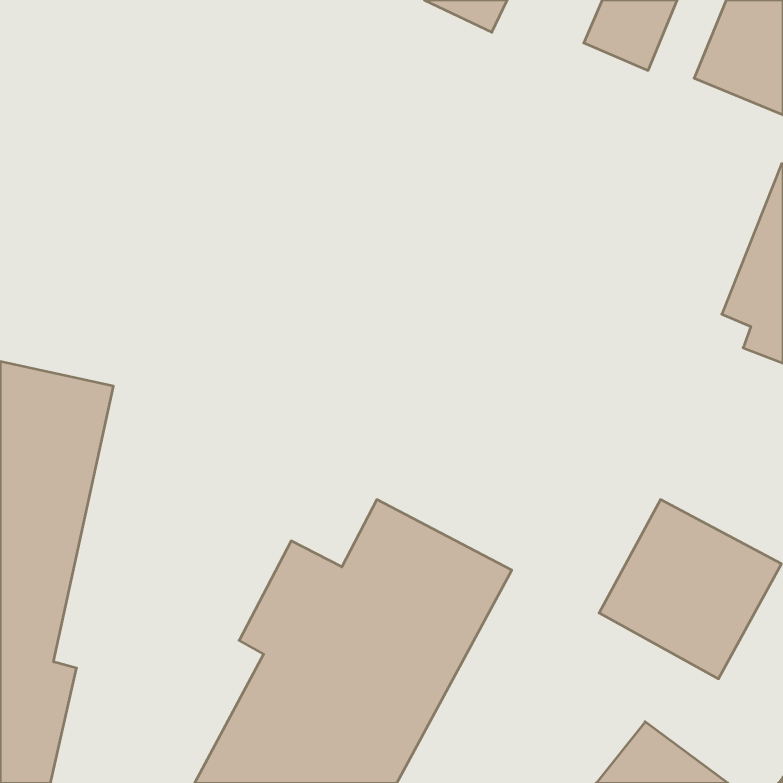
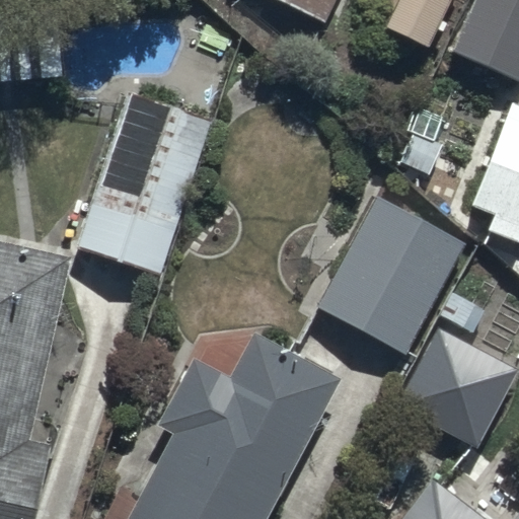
building: none -> [77,96,210,270]
building: none -> [318,196,464,355]

